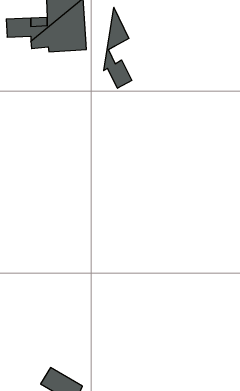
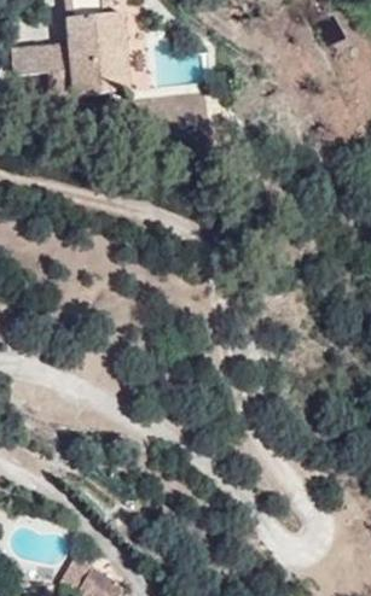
building: [104,7,132,88] -> none

